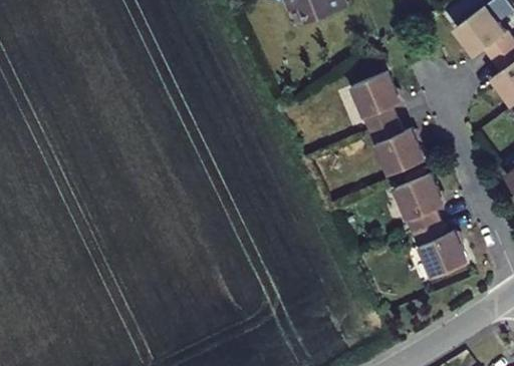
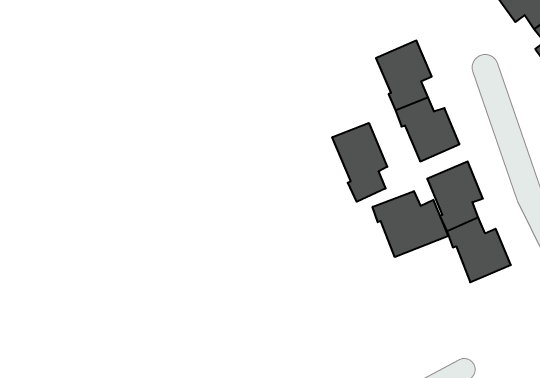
building: none -> [332,123,387,202]
building: none -> [373,191,448,257]

